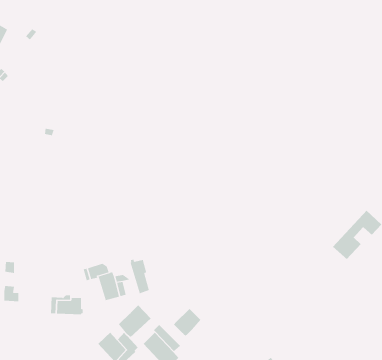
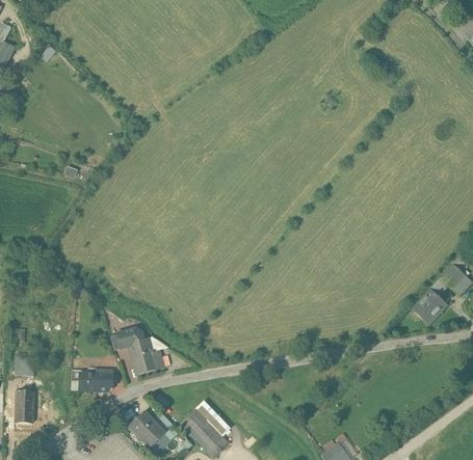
building: [130,259,150,294] -> none
building: [118,305,151,338] -> none
building: [173,308,201,336] -> none
building: none -> [15,390,33,423]

